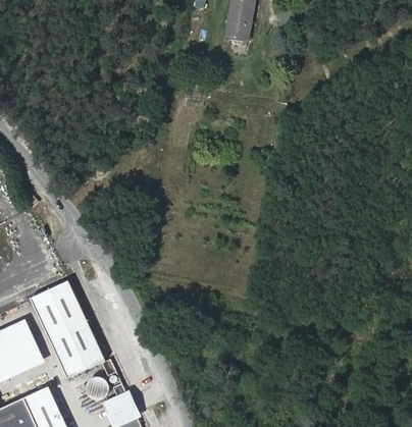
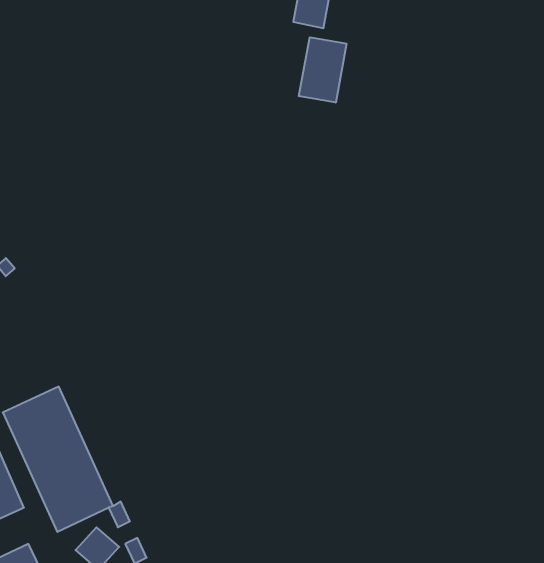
building: none -> [299,37,347,103]

